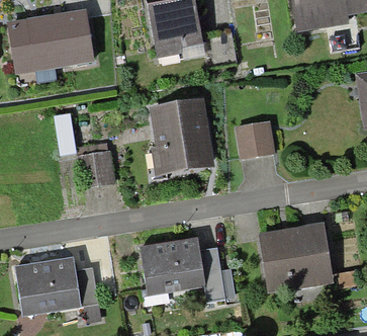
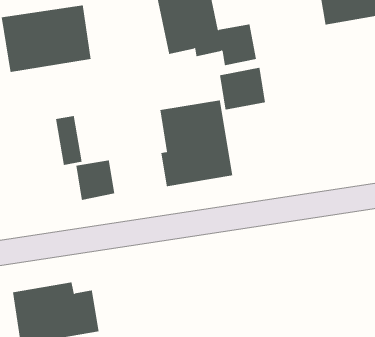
building: [236,120,277,159] -> [219,67,266,110]
building: [260,226,332,292] -> none
building: [140,237,223,299] -> none

